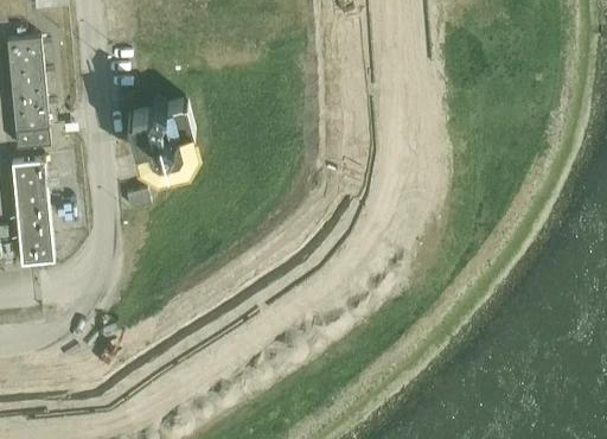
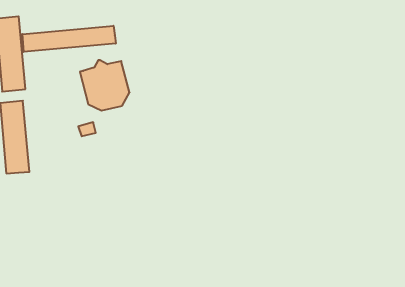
building: none -> [22,26,116,52]

